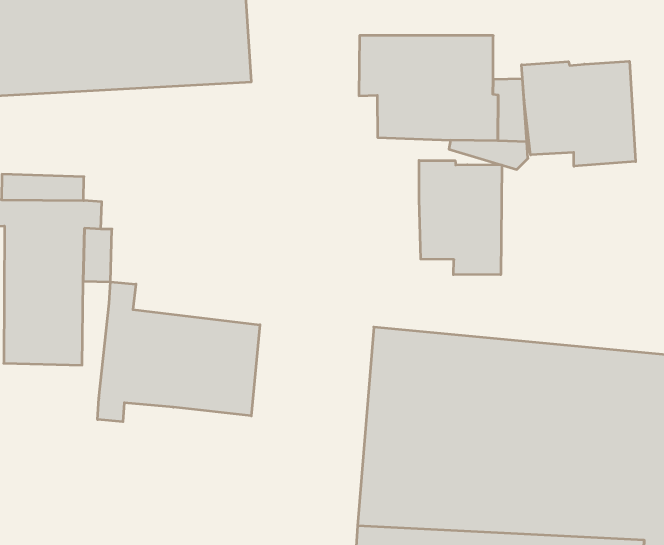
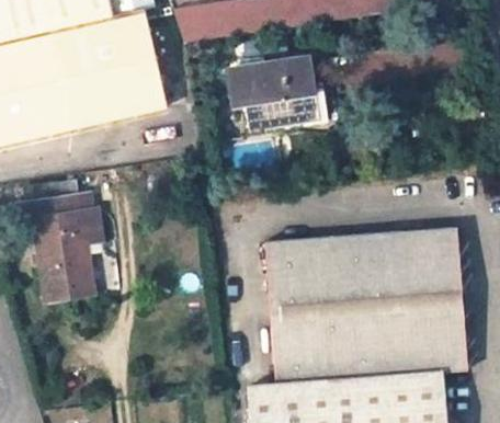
building: [522,61,636,166] -> none
building: [419,160,502,275] -> none
building: [98,282,260,422] -> none

